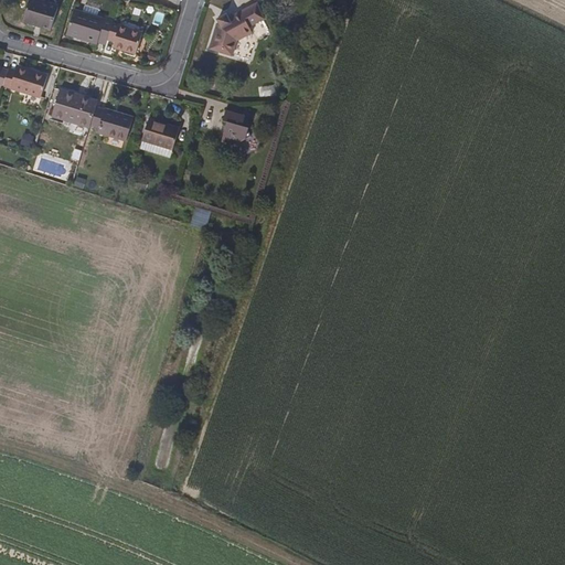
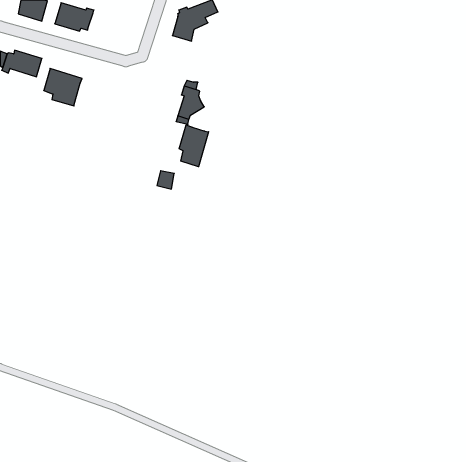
building: [107,21,143,54] -> none
building: [92,106,136,141] -> none
building: [142,118,180,151] -> none
building: none -> [179,125,209,167]

